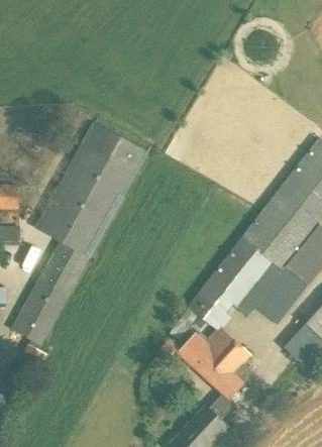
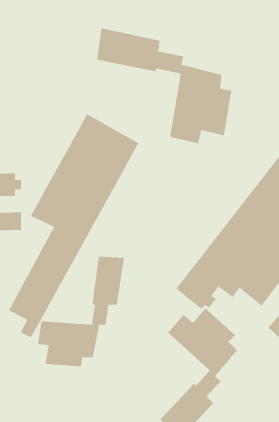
building: none -> [97,27,232,144]
building: none -> [37,256,124,367]

